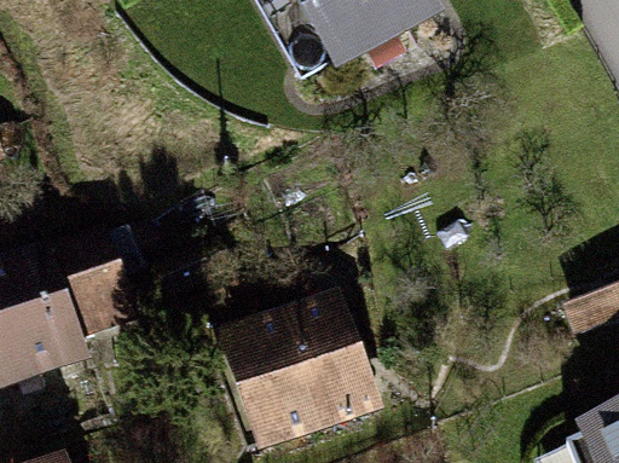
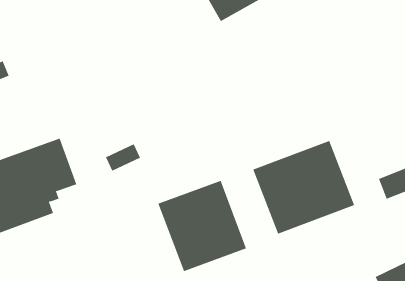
building: none -> [252,140,355,235]

